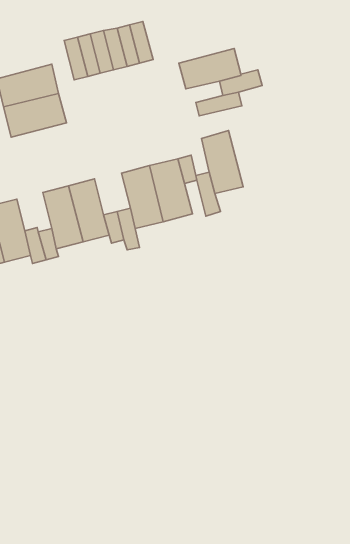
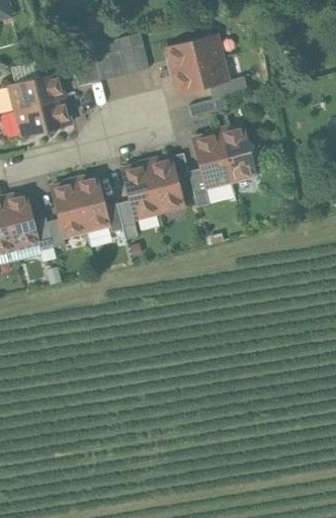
building: none -> [166,34,222,71]
building: none -> [217,125,255,182]

